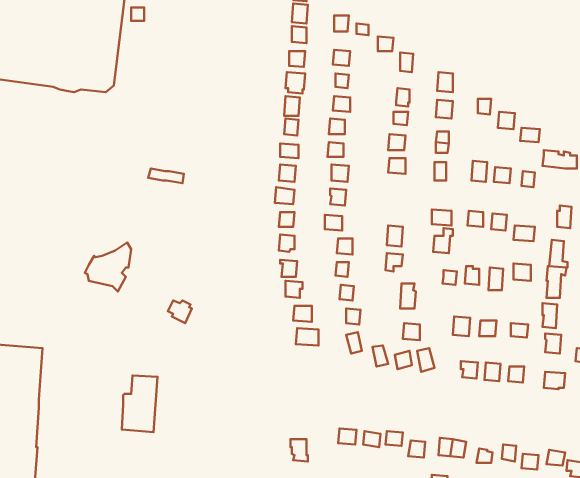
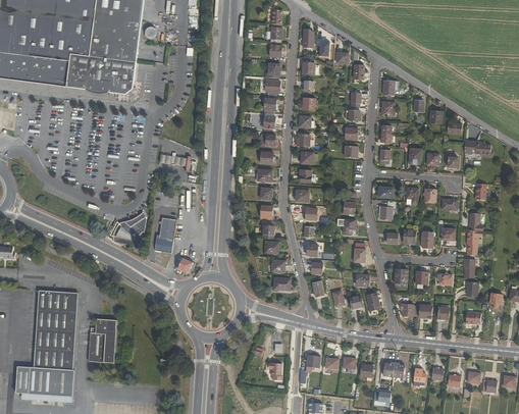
building: none -> [154,217,175,252]
building: [122,375,157,432] -> [88,318,115,362]

